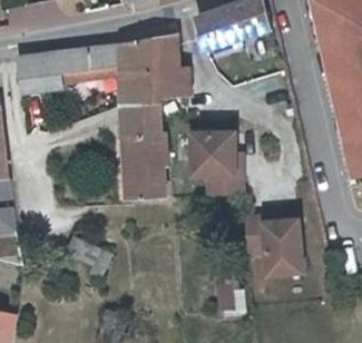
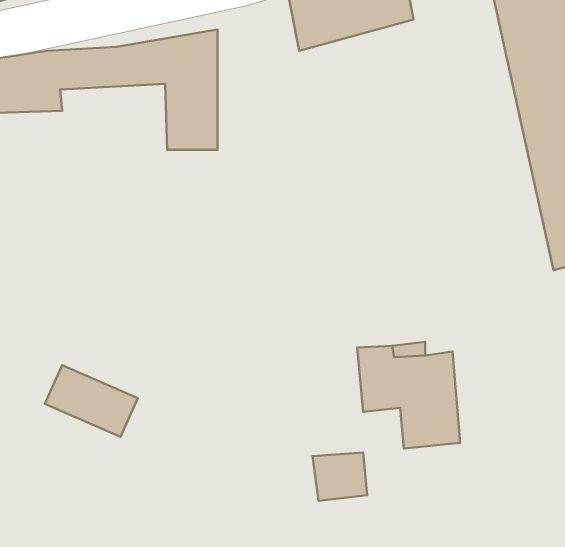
building: [158,36,192,98] -> none
building: [129,109,167,199] -> none
building: [188,137,236,200] -> none

